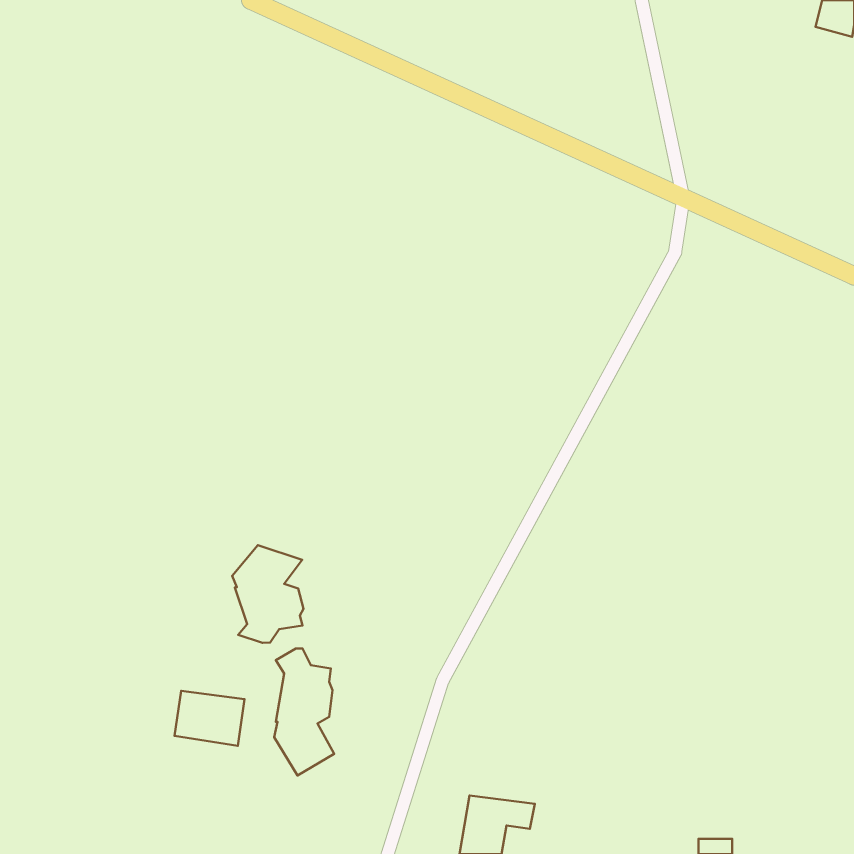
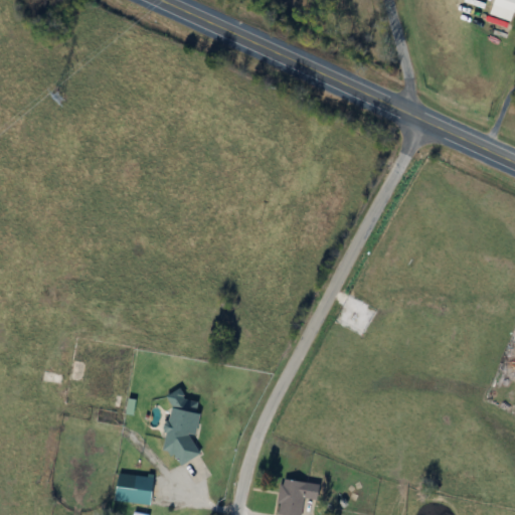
building: [232,545,303,643] -> none
building: [174,691,245,746] -> [114,473,156,506]

